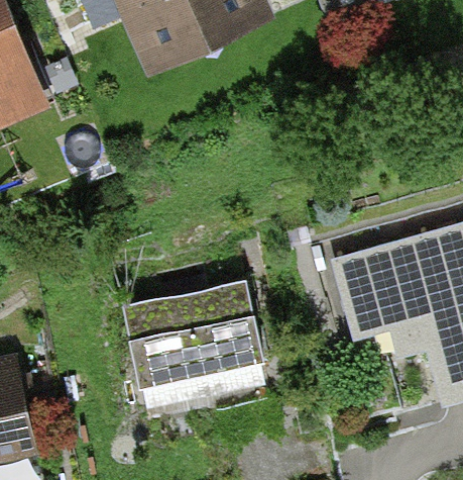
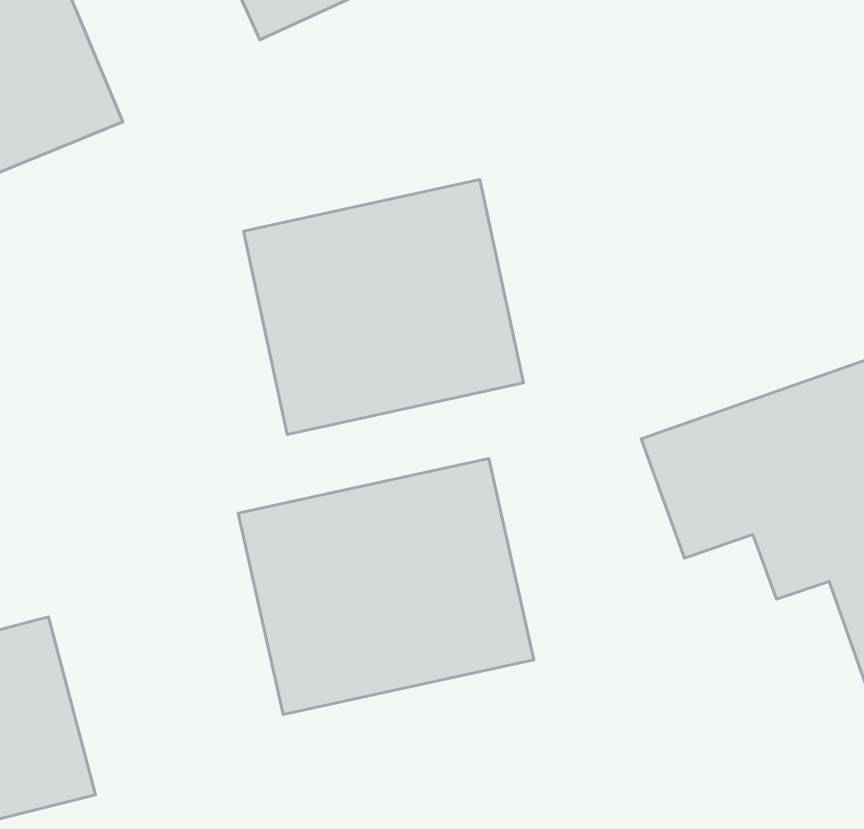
building: none -> [244,180,523,435]

